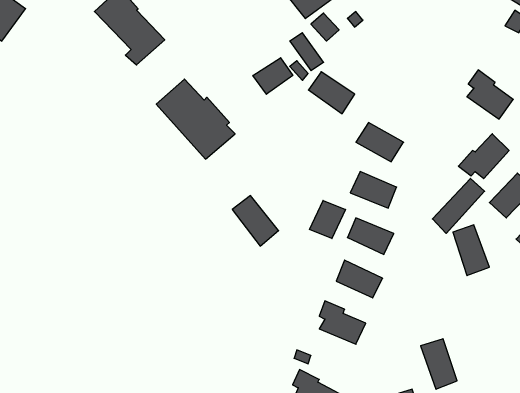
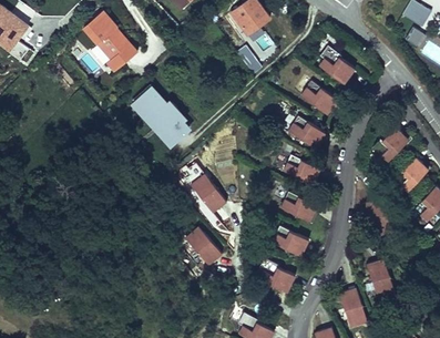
building: [253,58,293,94] -> none
building: [467,70,513,119] -> [319,45,356,84]
building: [308,72,355,114] -> [301,82,338,115]
building: [432,178,485,233] -> none
building: [310,200,345,239] -> none
building: none -> [185,228,222,266]
building: none -> [367,259,396,299]

